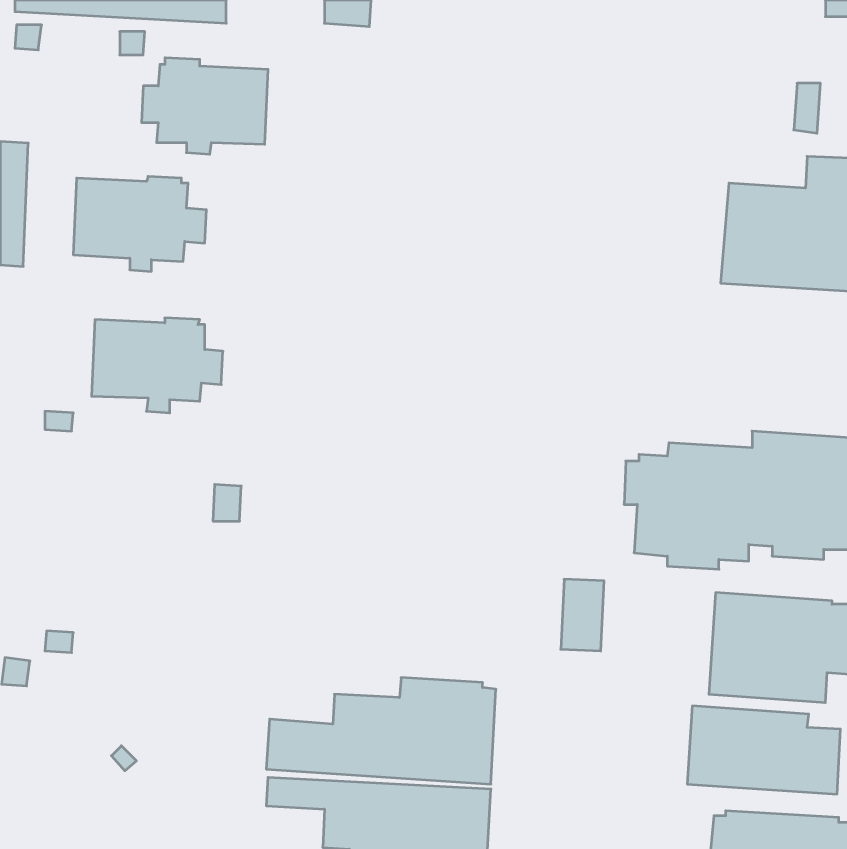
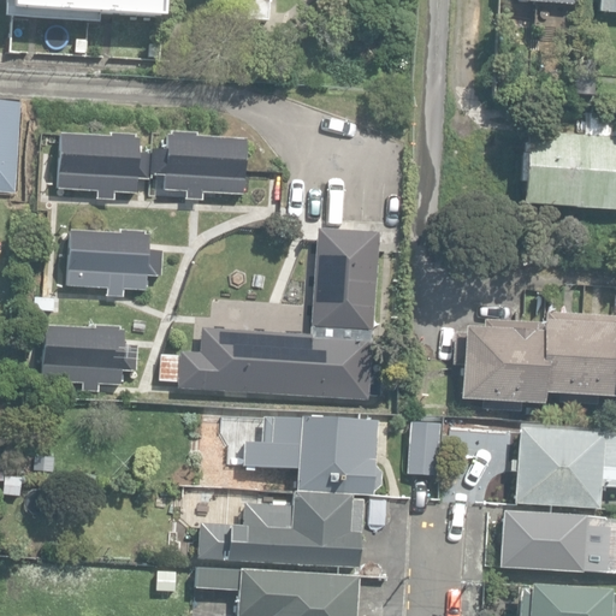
building: [142,58,268,154] -> [154,130,245,200]
building: none -> [178,225,383,397]
building: none -> [43,326,138,395]
building: none -> [243,414,380,491]

